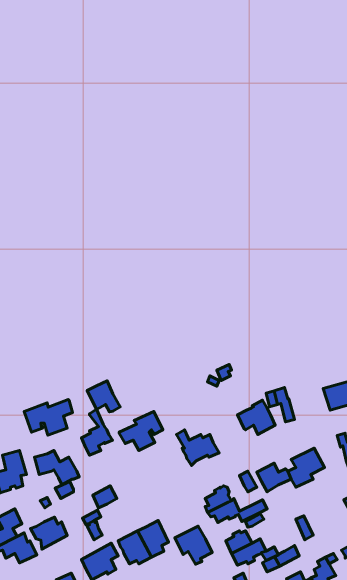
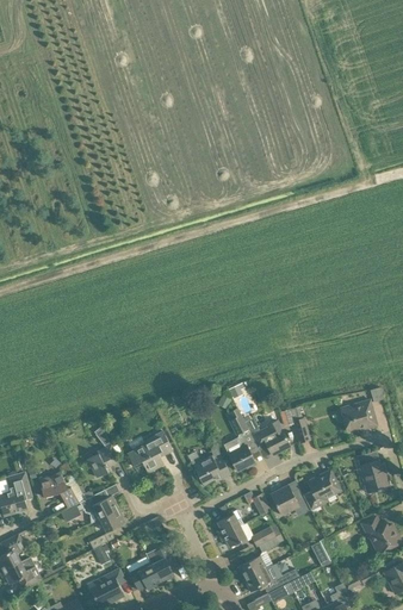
building: [87,381,120,412] -> none
building: none -> [223,407,256,471]
building: [24,400,73,435] -> none
building: [30,517,67,549] -> [79,490,117,523]
building: [175,526,212,564] -> none

